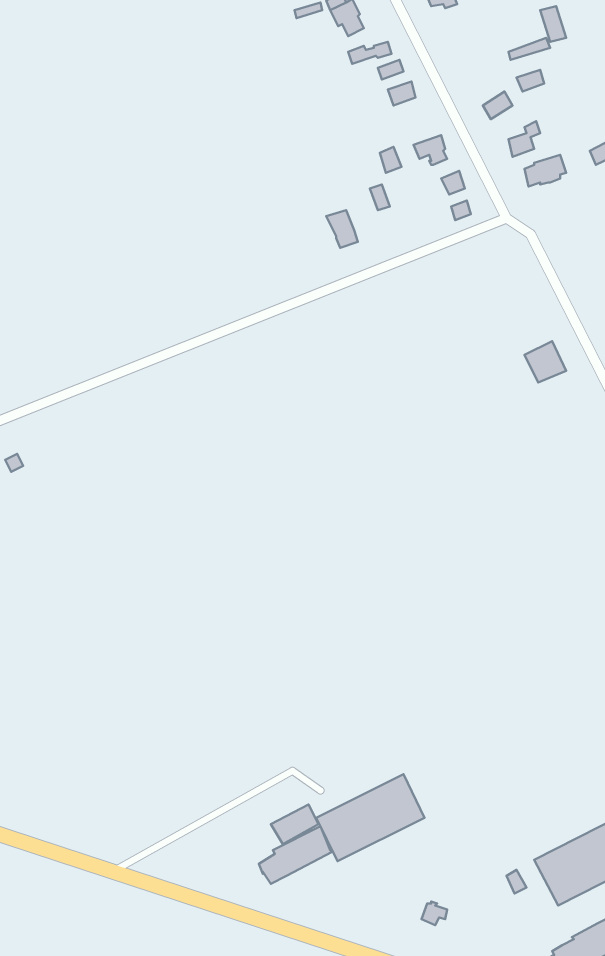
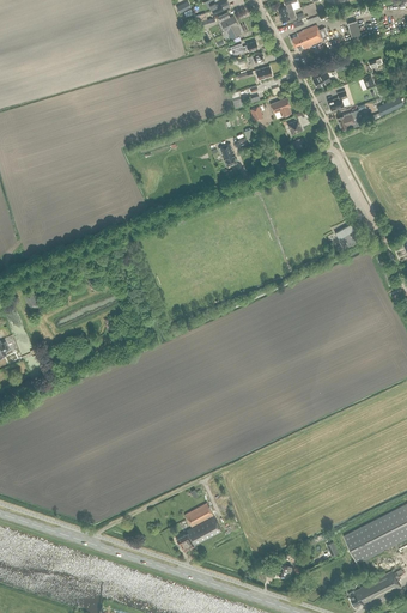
building: none -> [291,25,327,51]
building: [316,774,425,861] -> none

